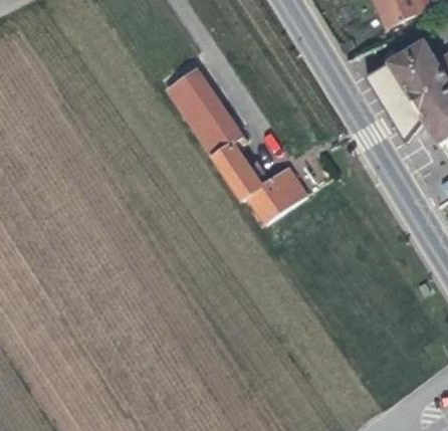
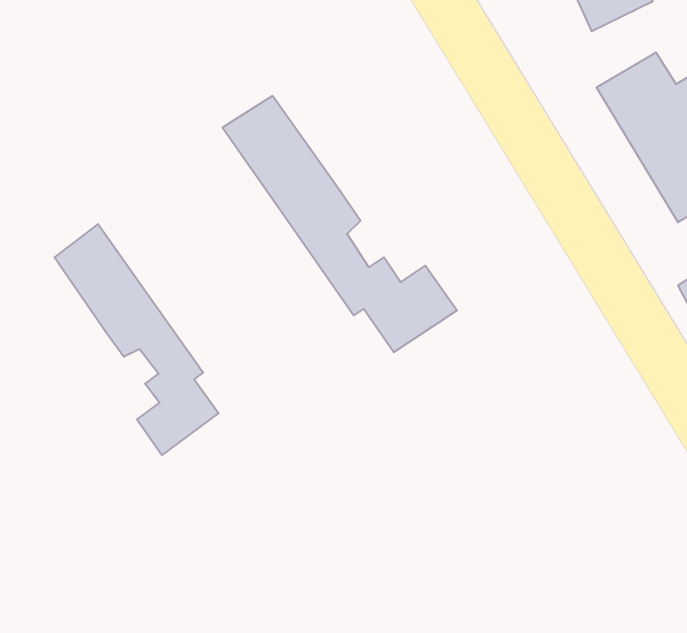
building: none -> [54,224,219,455]

